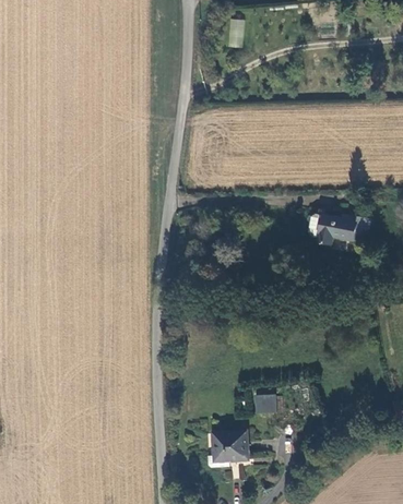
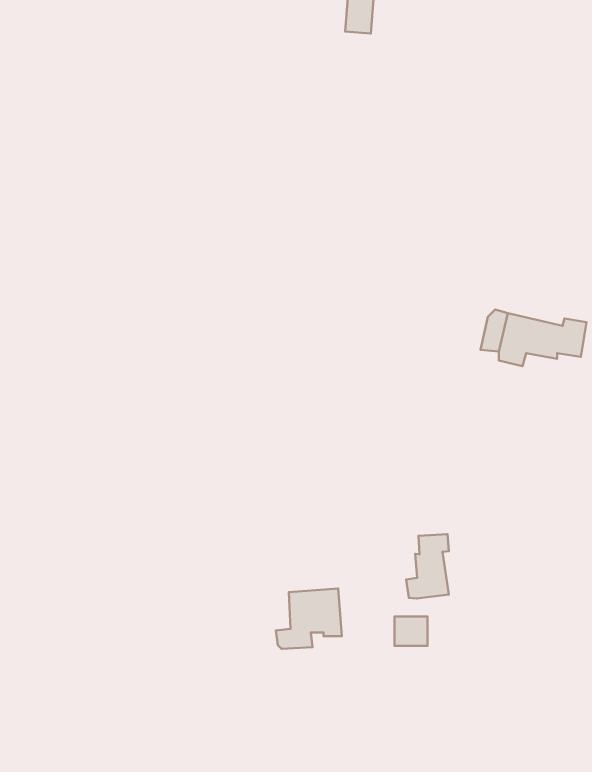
building: none -> [406,534,449,599]
building: [209,430,248,466] -> [276,589,342,649]

